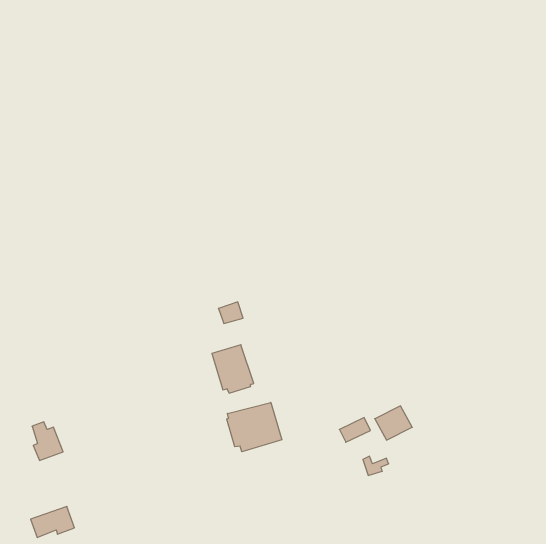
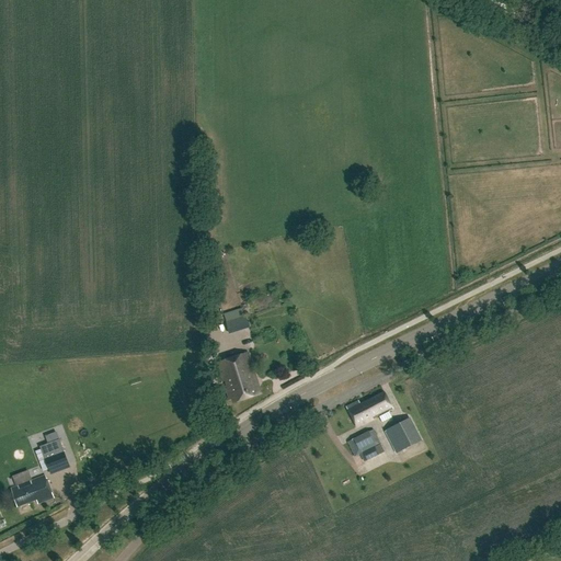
building: none -> [348,391,393,425]
building: [227,402,282,452] -> none
building: [31,506,74,537] -> [9,474,54,506]

